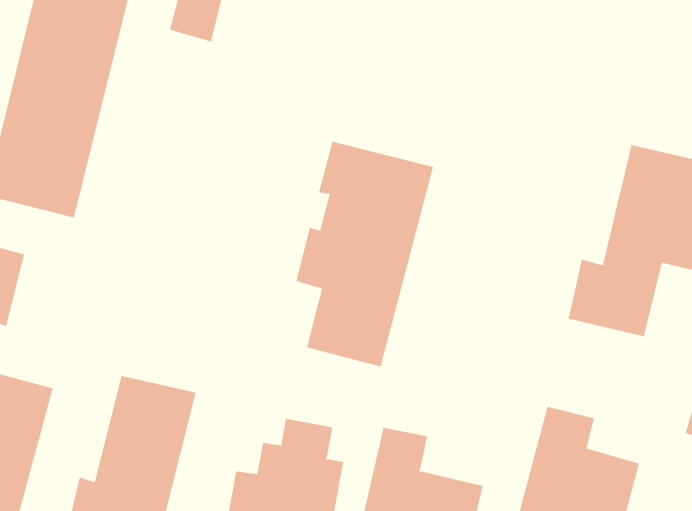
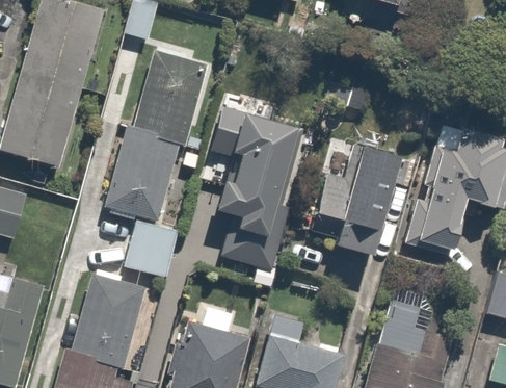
building: none -> [105,53,209,219]
building: none -> [313,141,415,256]
building: none -> [125,219,177,277]

